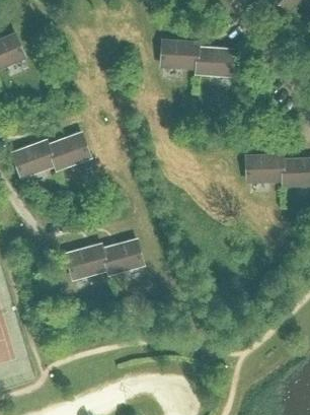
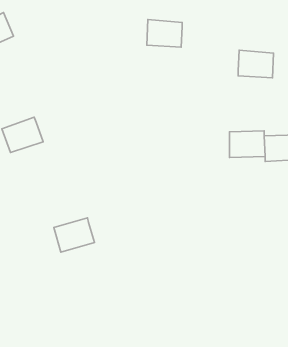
building: [197,47,233,75] -> [238,50,274,78]
building: [48,133,90,169] -> none
building: [101,239,143,274] -> none

